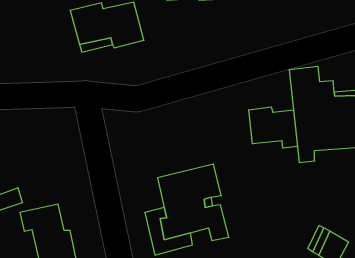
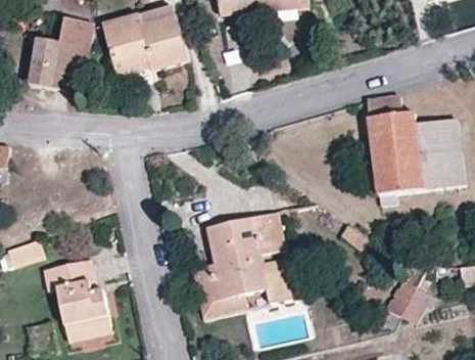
building: none -> [29,18,92,93]
building: [249,107,298,148] -> none

